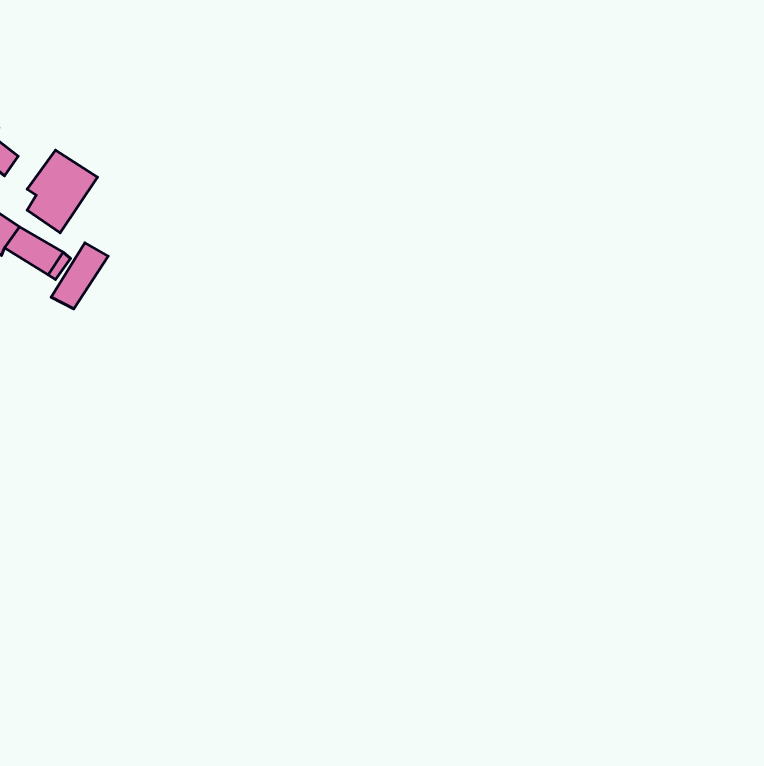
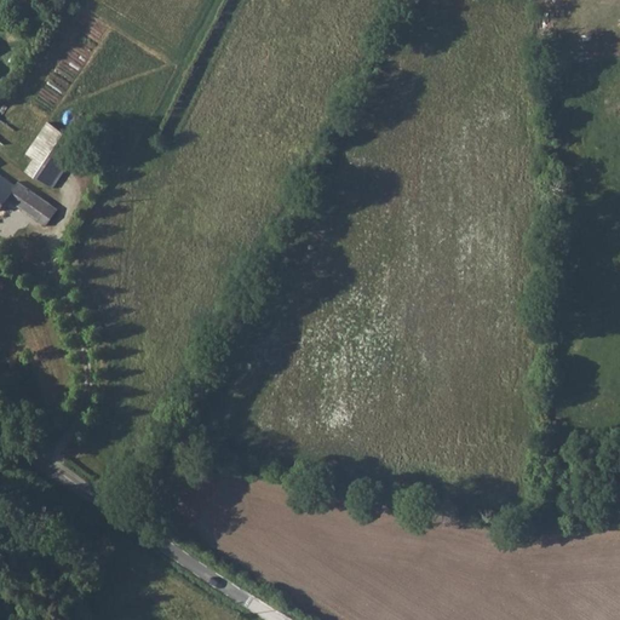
building: [51,243,108,309] -> none

